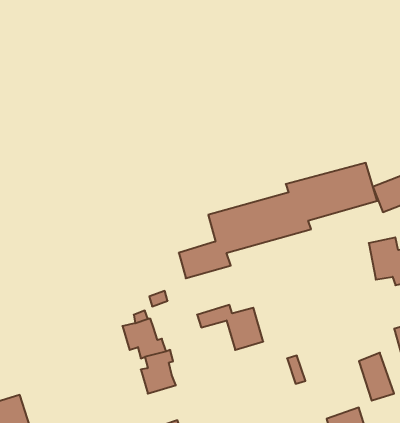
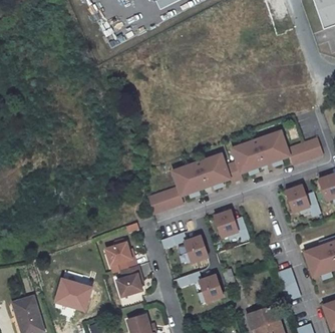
building: none -> [211,209,248,241]
building: none -> [178,271,222,303]
building: none -> [57,279,92,310]

